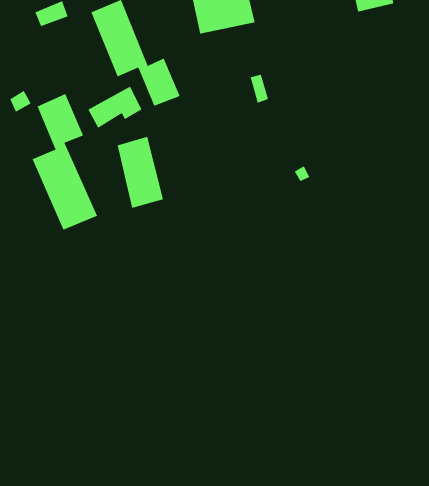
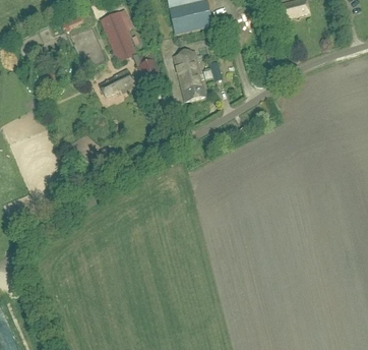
building: [32,93,98,230] -> none
building: [117,136,164,208] -> [173,49,205,99]

